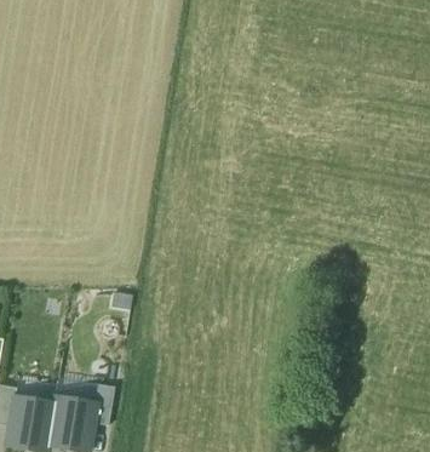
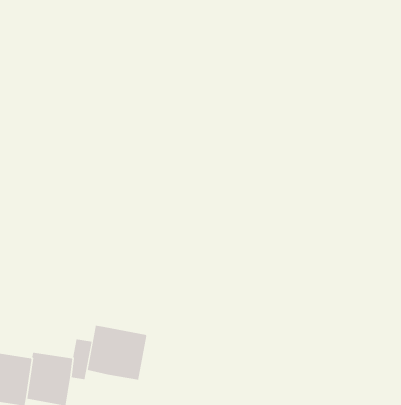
building: none -> [87,325,147,380]

